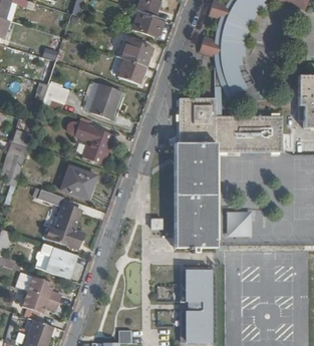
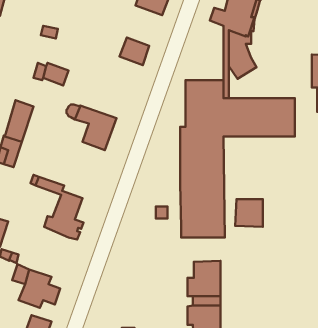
building: [119,40,150,66] -> none
building: [89,83,120,119] -> none
building: [60,165,95,199] -> none
building: [34,243,71,279] -> none

